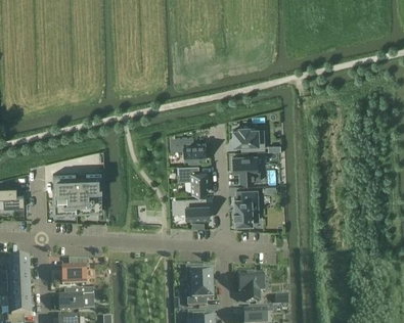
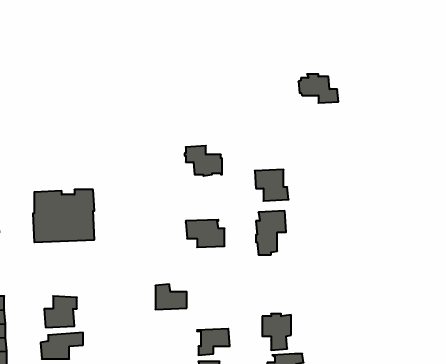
building: [232,126,265,149] -> [298,74,338,103]
building: [178,165,208,192] -> none
building: [186,266,212,286] -> [155,284,187,309]

